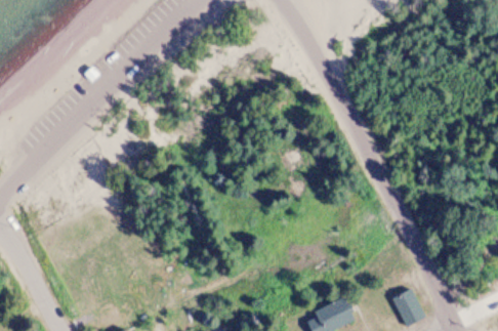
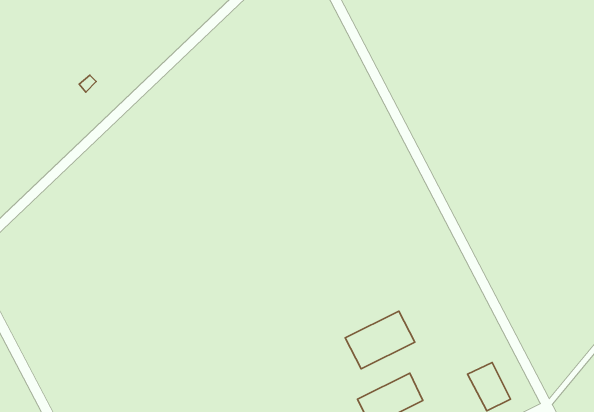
building: none -> [345,311,415,369]

